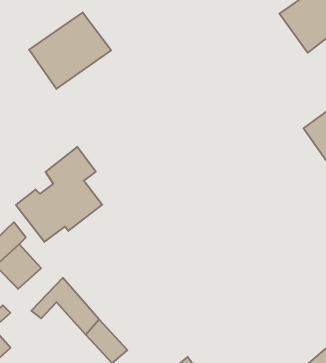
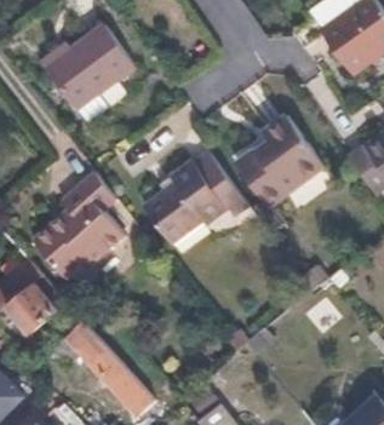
building: none -> [231,114,322,208]
building: none -> [142,151,239,245]

